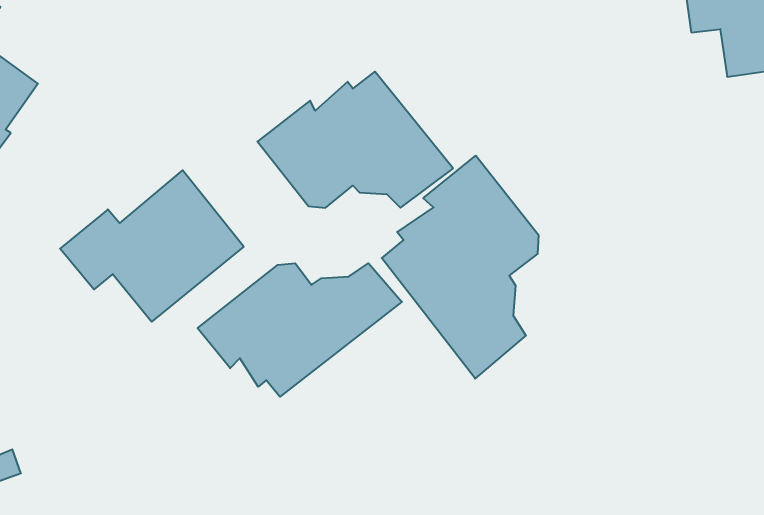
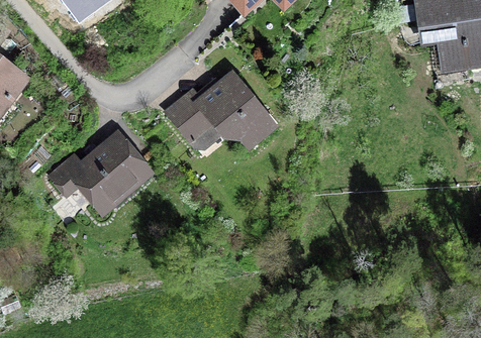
building: [382,156,538,379] -> none
building: [198,263,402,397] -> none

